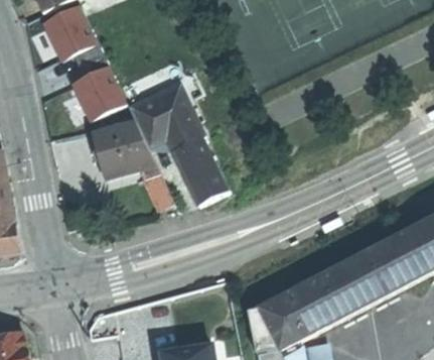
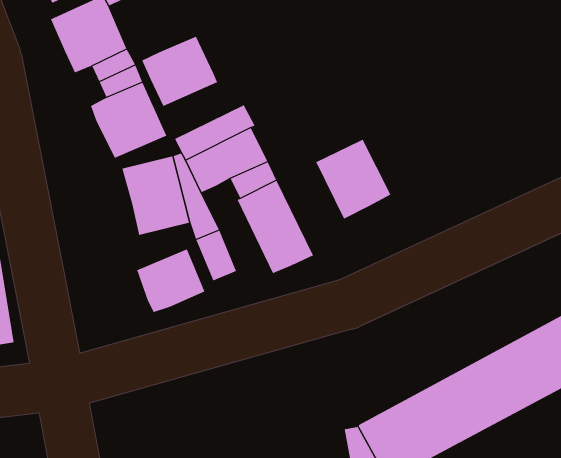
building: none -> [142,36,218,107]
building: none -> [315,139,391,220]
building: none -> [136,248,205,313]

